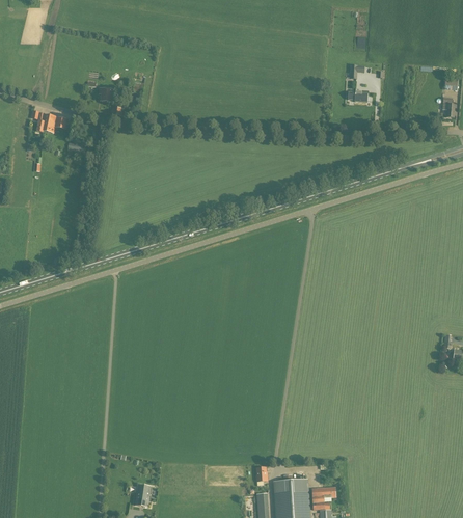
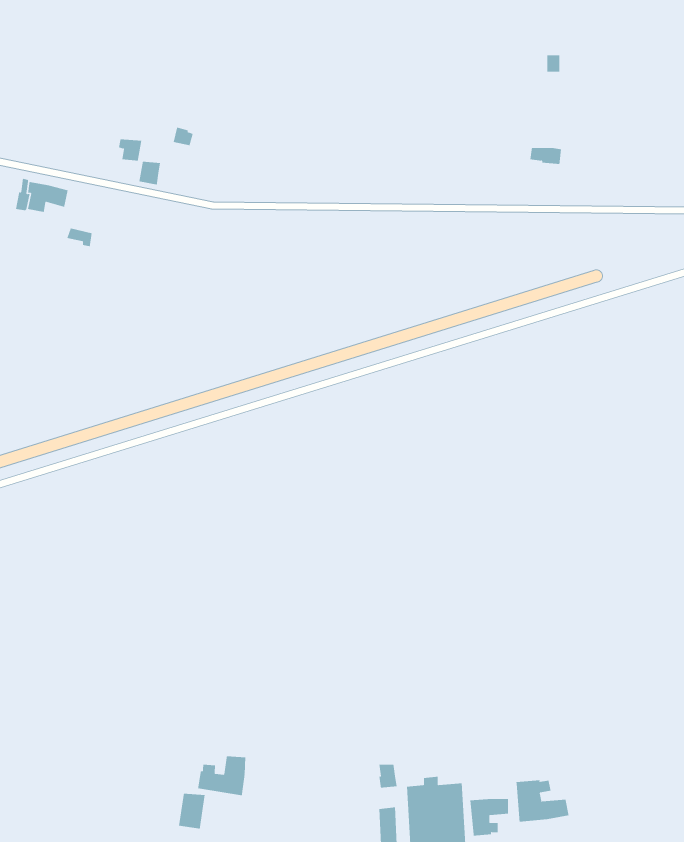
building: none -> [197,755,246,796]
building: none -> [516,779,569,823]

